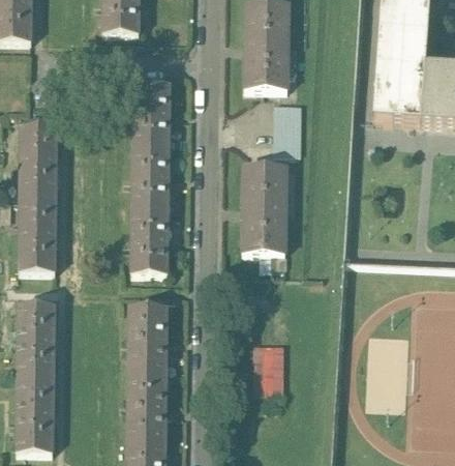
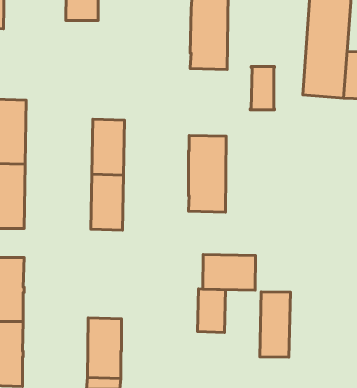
building: [133,81,171,145] -> none
building: [273,100,301,150] -> [250,66,275,110]
building: none -> [203,255,255,290]
building: [128,303,168,373] -> none
building: none -> [260,292,290,357]

